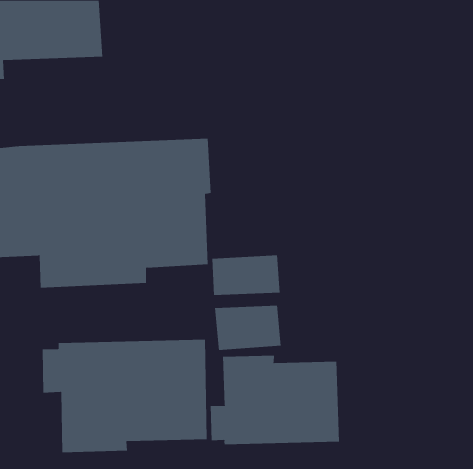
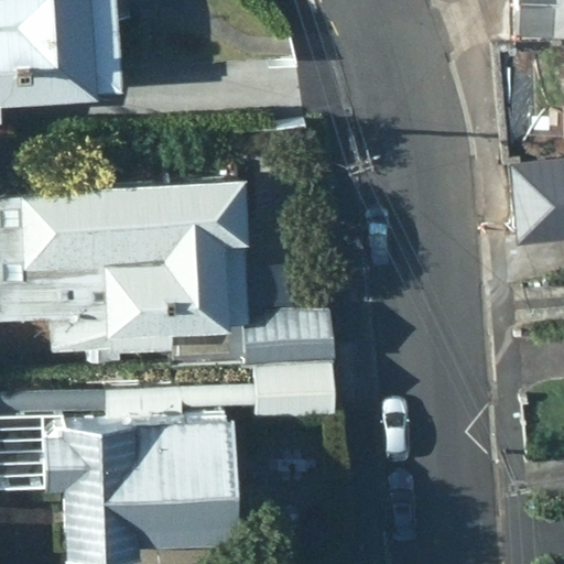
building: [210,355,340,445] -> none

